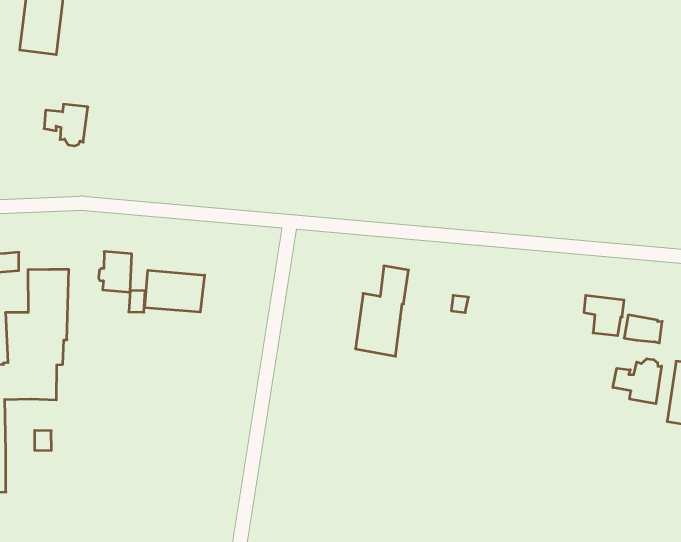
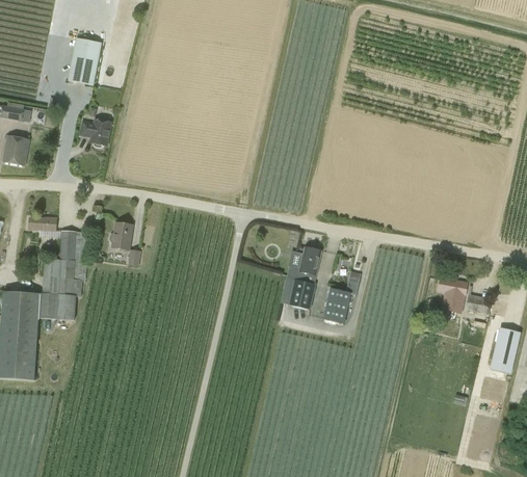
building: [145,270,205,312] -> none
building: none -> [323,288,350,323]
building: [613,359,662,404] -> none

